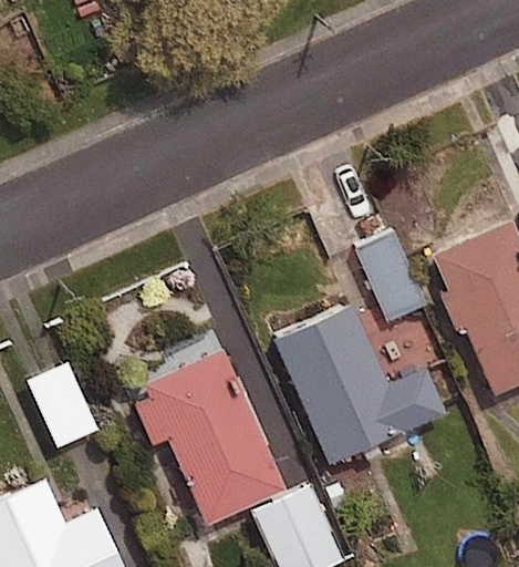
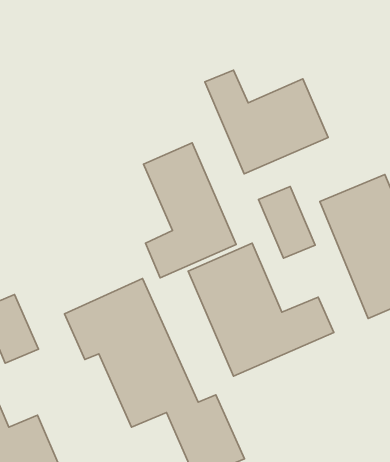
building: none -> [205,70,328,174]
building: none -> [143,143,236,278]

